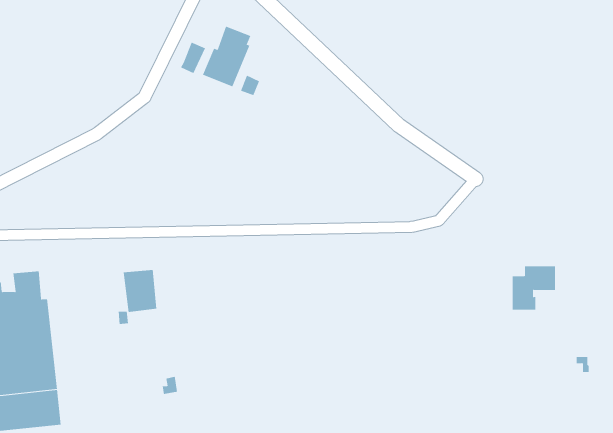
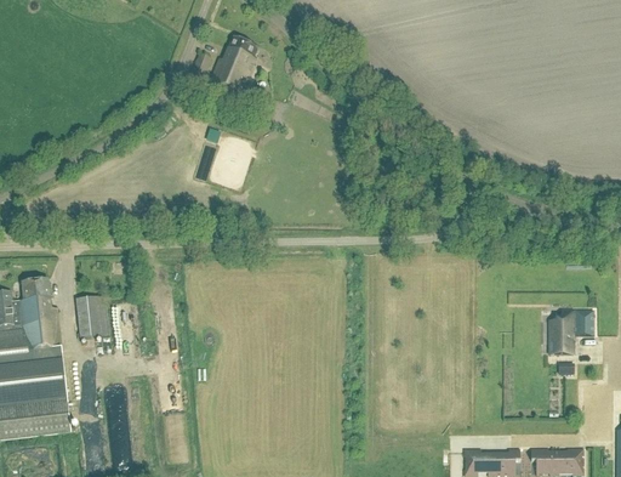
building: [512,266,556,310] -> [548,311,592,354]
building: [123,270,157,312] -> [75,295,109,337]

